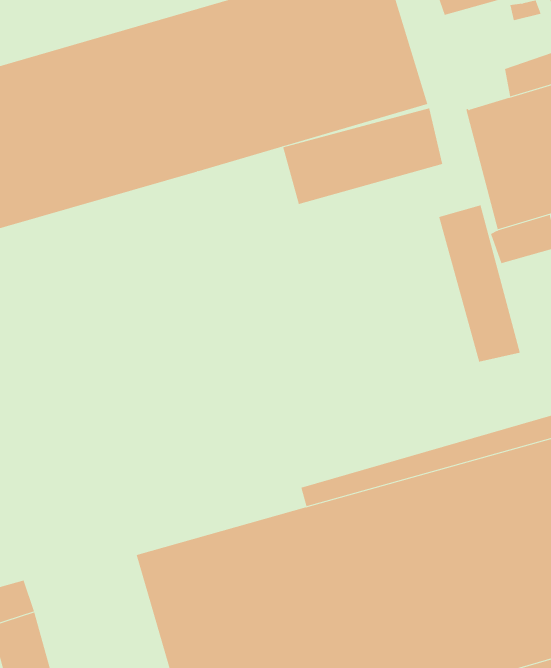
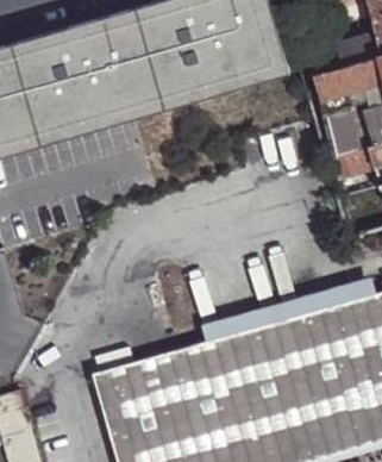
building: [283,107,443,205] -> none
building: [439,205,521,363] -> none

